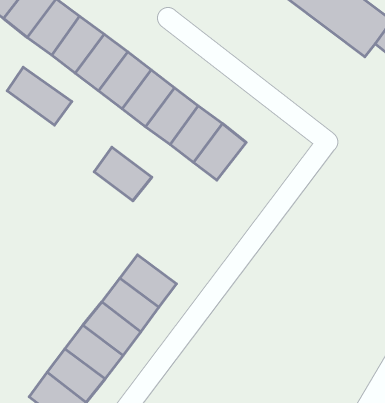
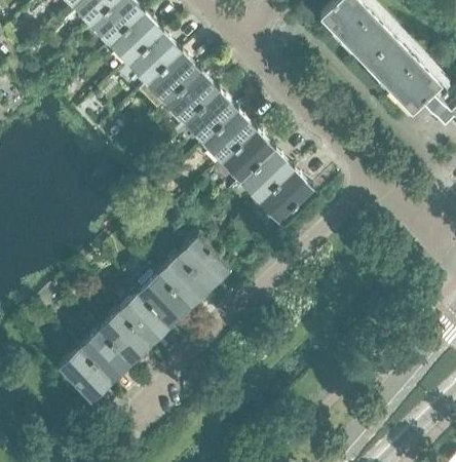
building: [7,67,72,125] -> none
building: none -> [261,172,311,223]
building: [94,147,152,201] -> [179,238,230,290]

